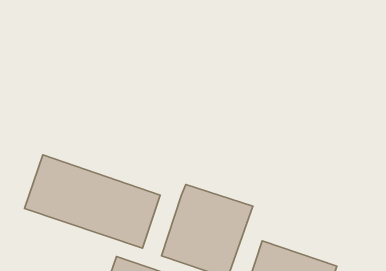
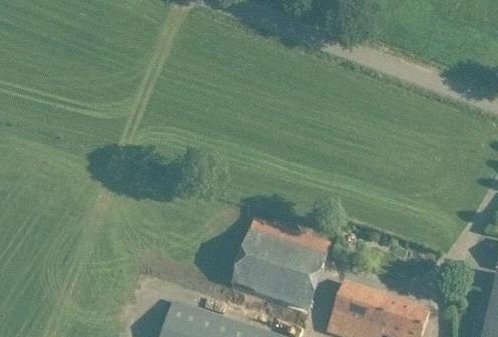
building: [24,155,160,248] -> none

